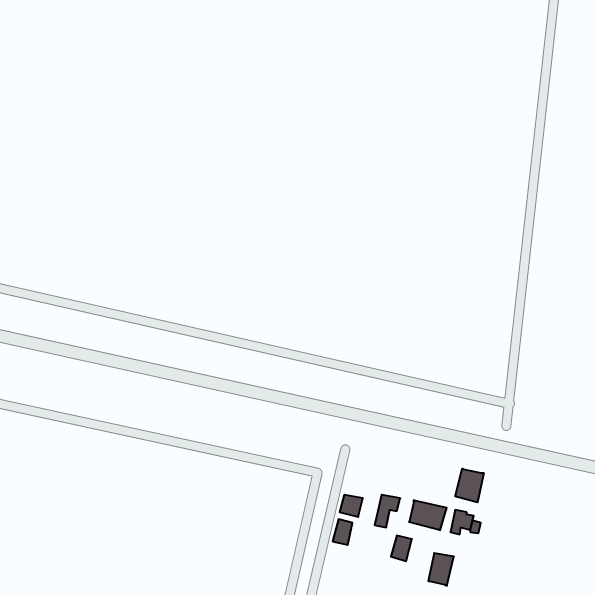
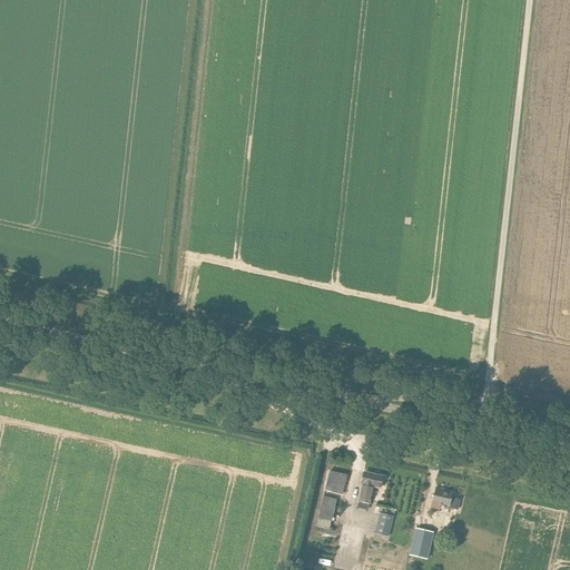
building: [455,469,484,502] -> none
building: [409,500,447,530] -> none

